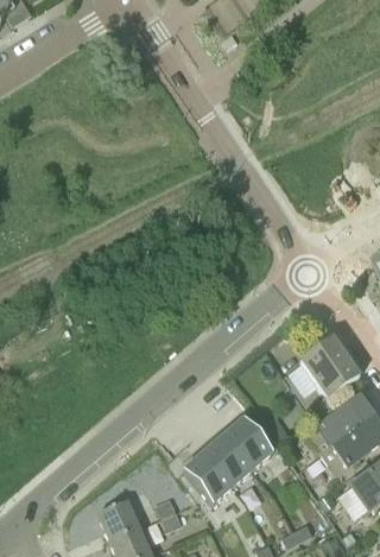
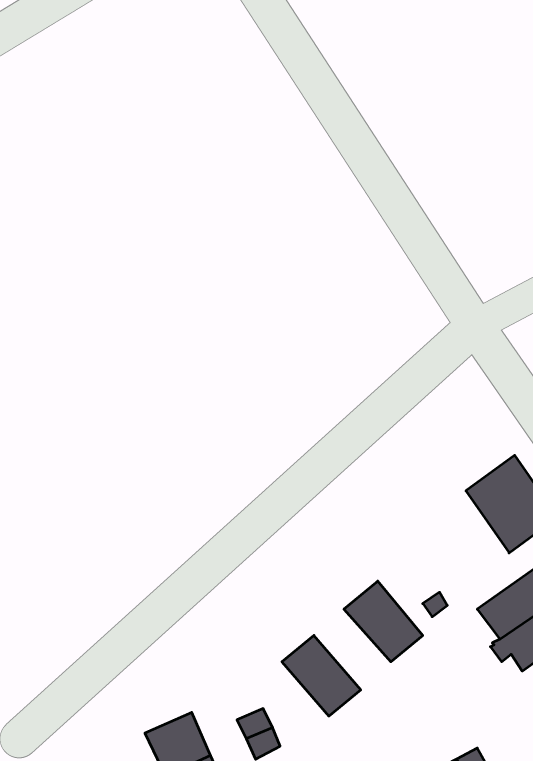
building: [203,435,252,486] -> none

